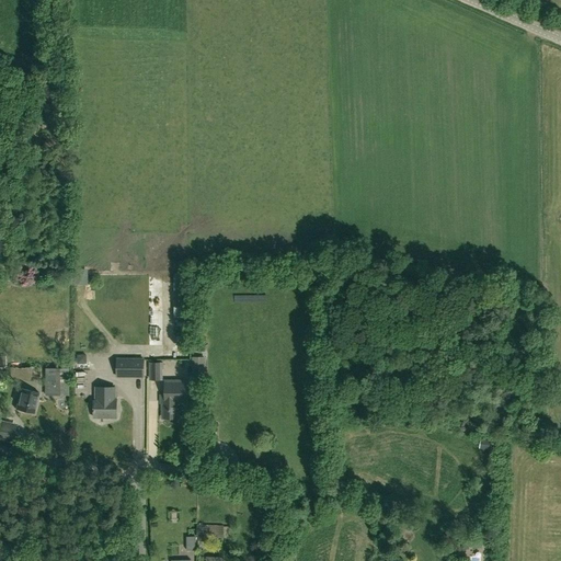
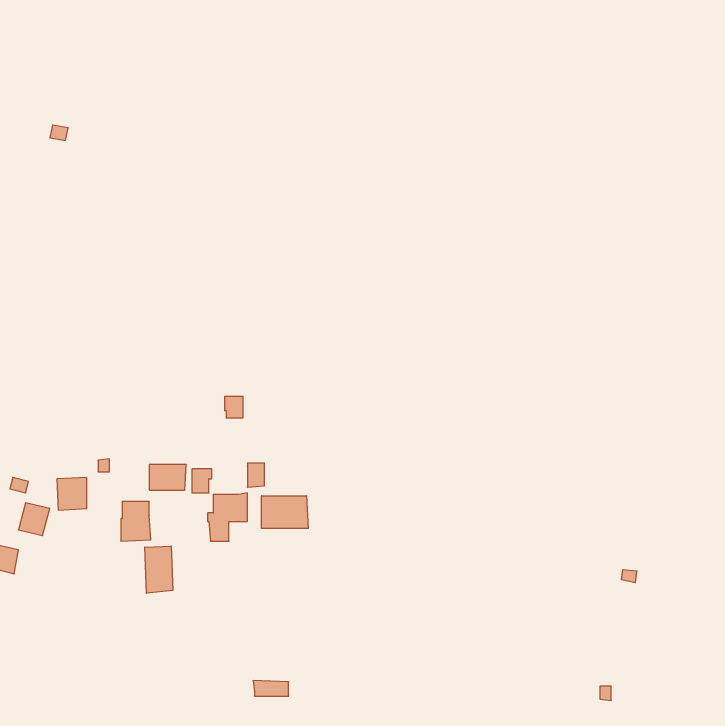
building: none -> [262,496,308,528]
building: none -> [145,546,173,593]

